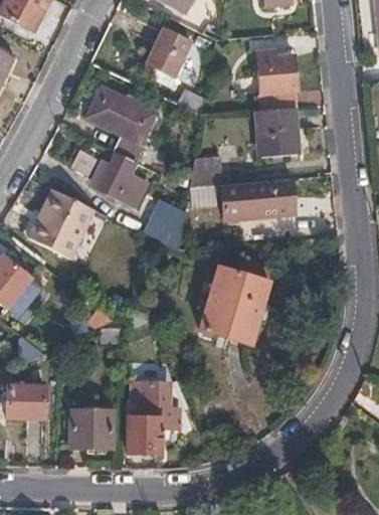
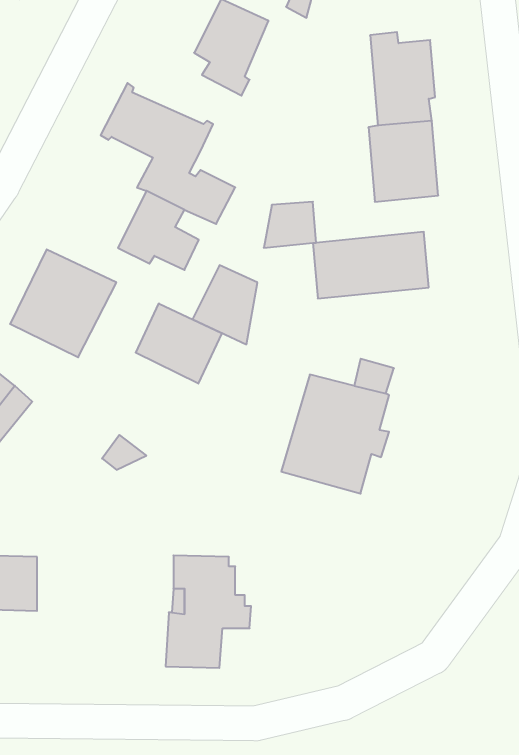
building: none -> [136,303,222,384]
building: [69,406,112,447] -> none

